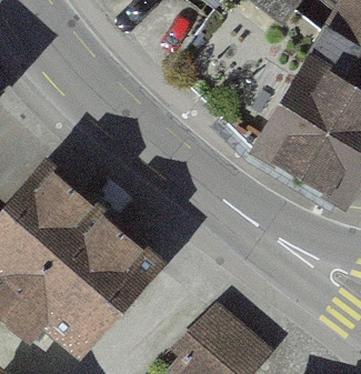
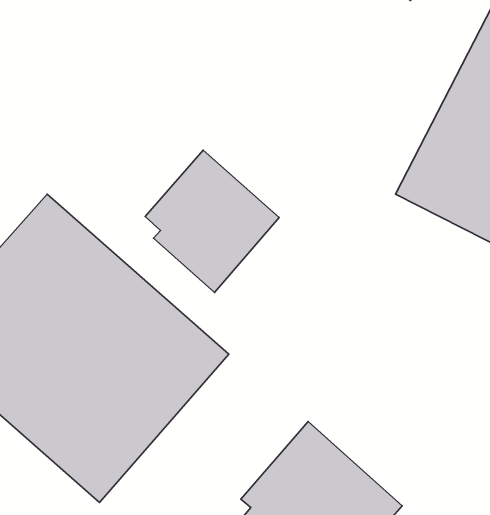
building: none -> [145,150,279,292]

